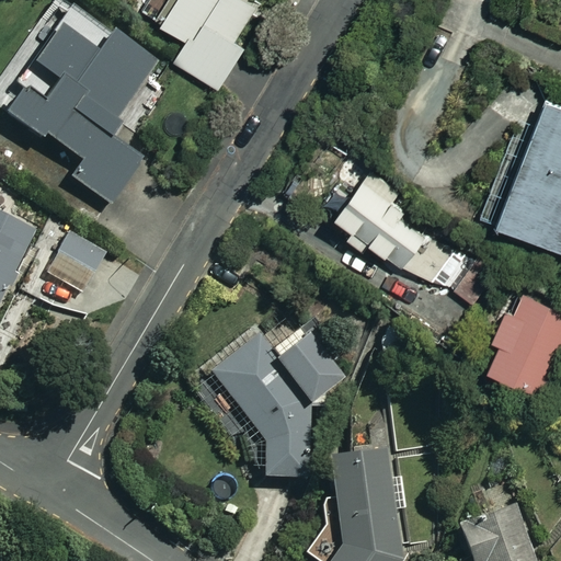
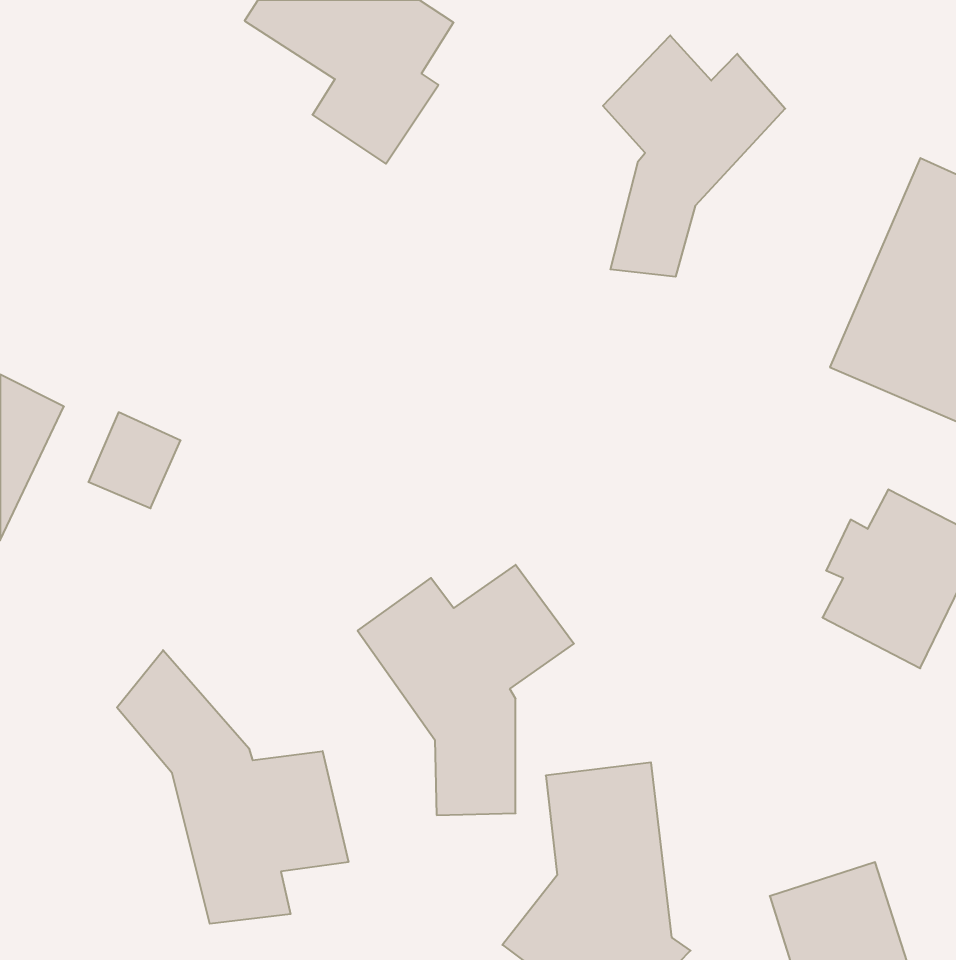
building: [12,15,161,213] -> none
building: none -> [603,35,785,277]
building: [324,170,457,284] -> none
building: none -> [117,650,348,924]

